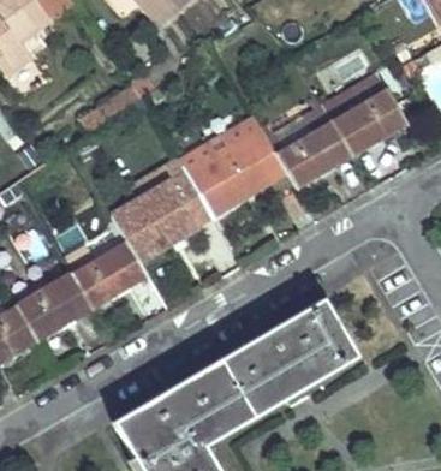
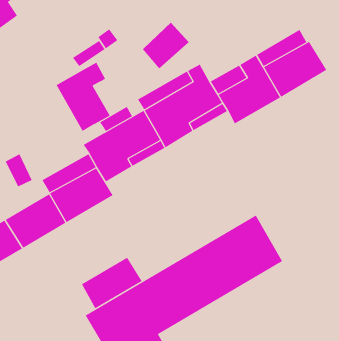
building: none -> [142,22,189,69]
building: none -> [56,62,110,132]
building: none -> [81,257,143,309]

